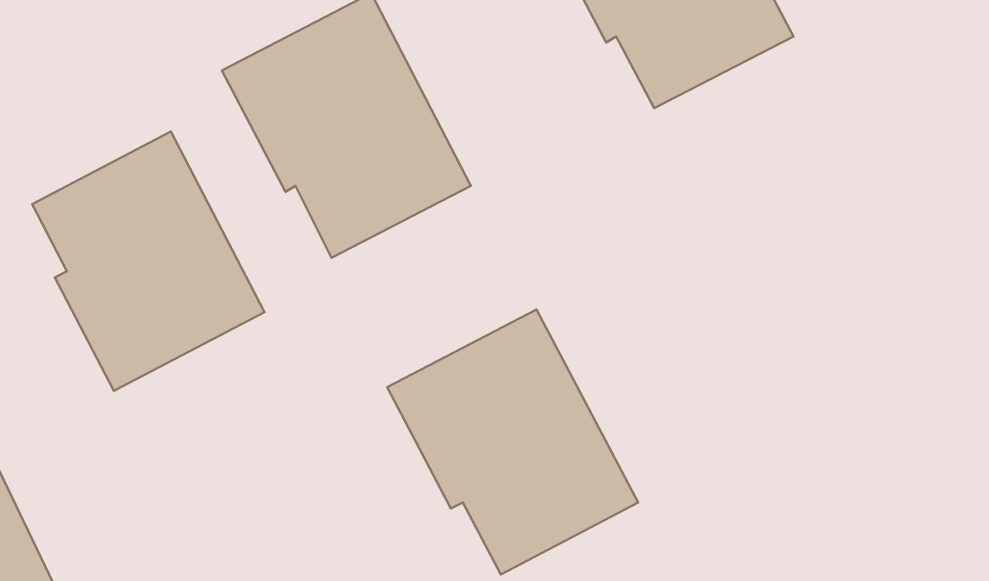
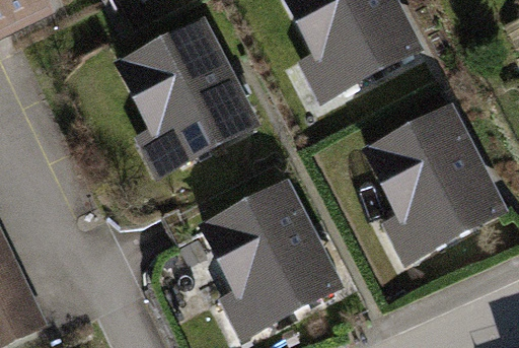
building: [32,132,264,391] -> none
building: none -> [371,112,499,248]

